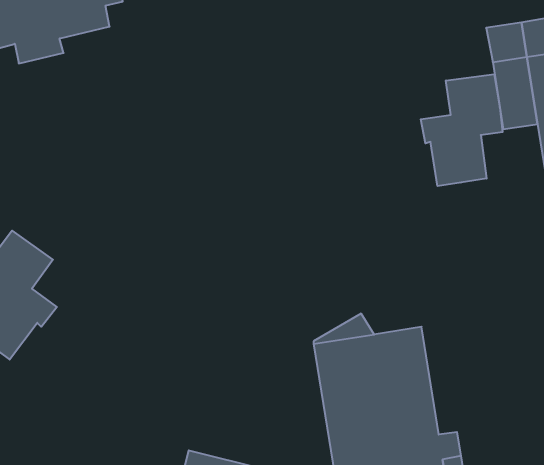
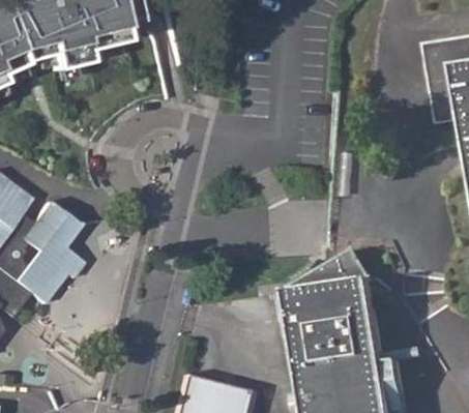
building: [421,74,503,186] -> none
building: none -> [320,248,368,284]

